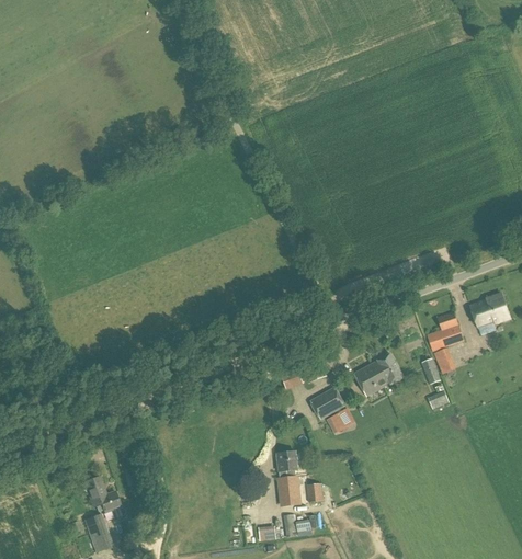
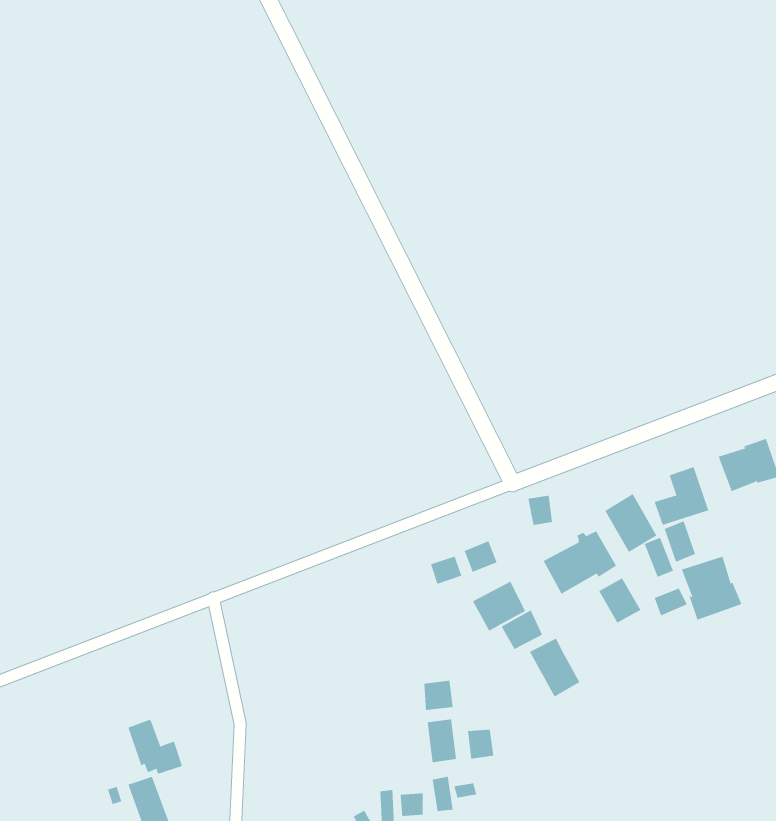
building: none -> [604,493,657,553]
building: none -> [681,556,742,620]
building: none -> [599,577,641,624]
building: none -> [529,638,580,697]

